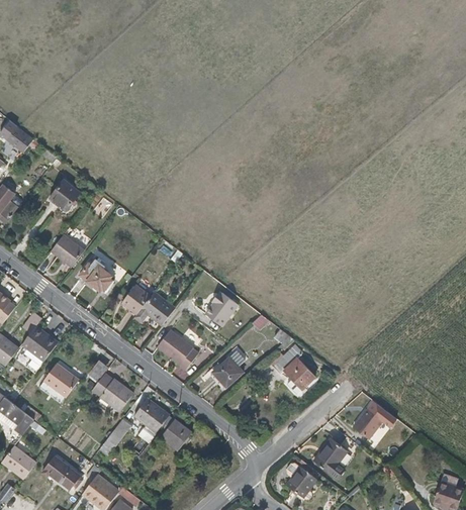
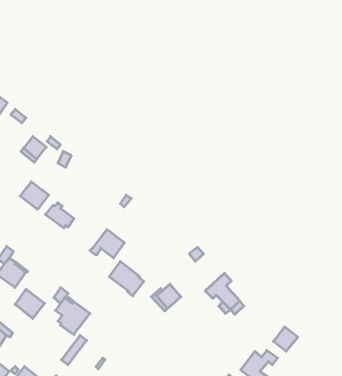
building: [122,284,151,313] -> none
building: [205,292,238,326] -> none
building: [133,397,170,432] -> none
building: [162,418,193,448] -> none

